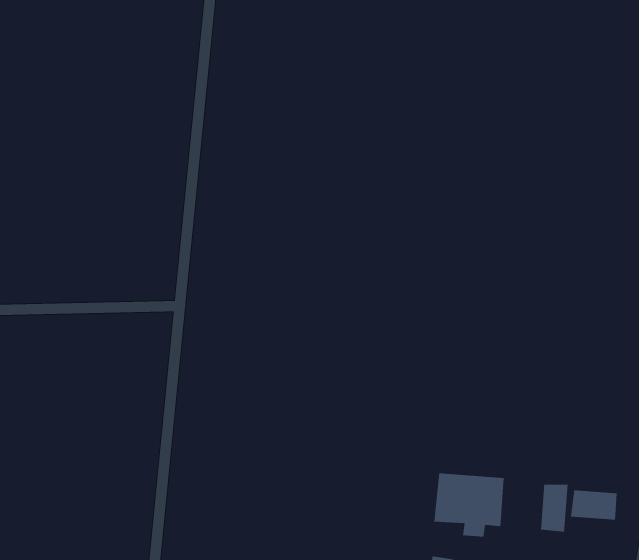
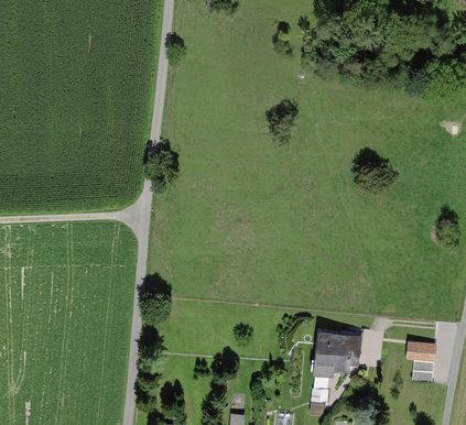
building: [541,484,568,532] -> none

